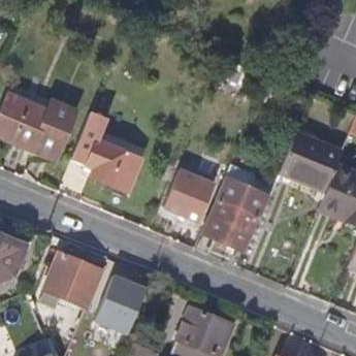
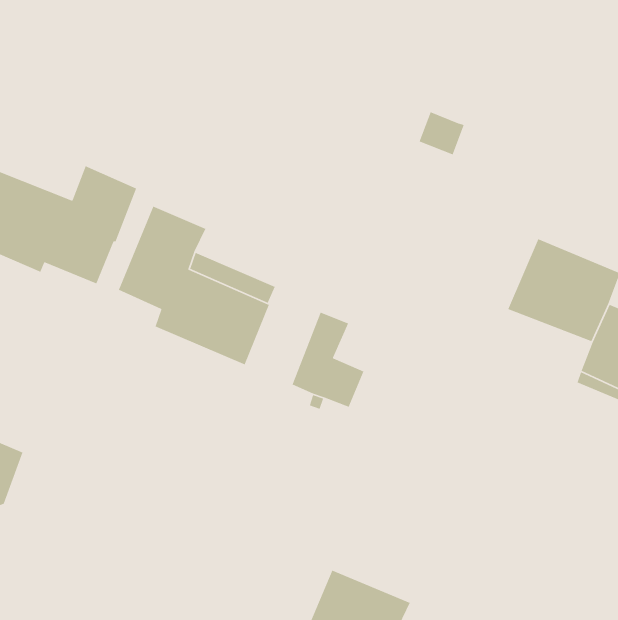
building: [205,176,270,249] -> none
building: [45,255,100,308] -> none
building: [96,276,147,330] -> none

